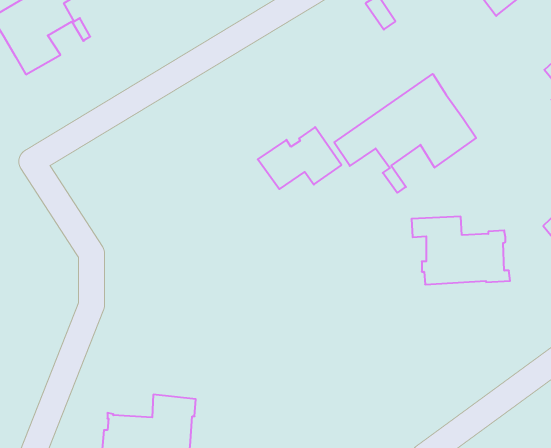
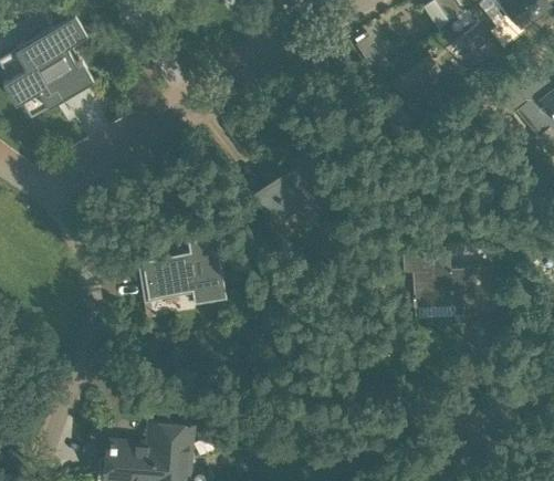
building: [334,74,476,193] -> none
building: none -> [140,239,223,304]

